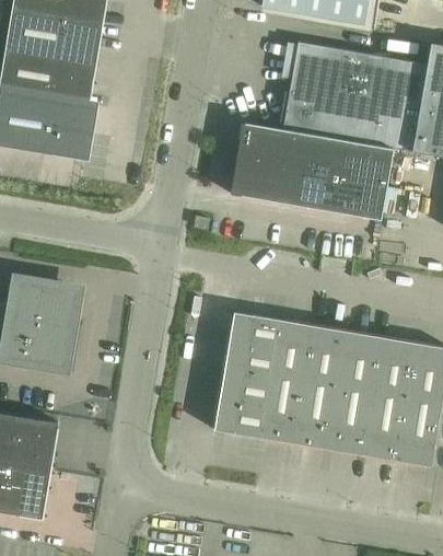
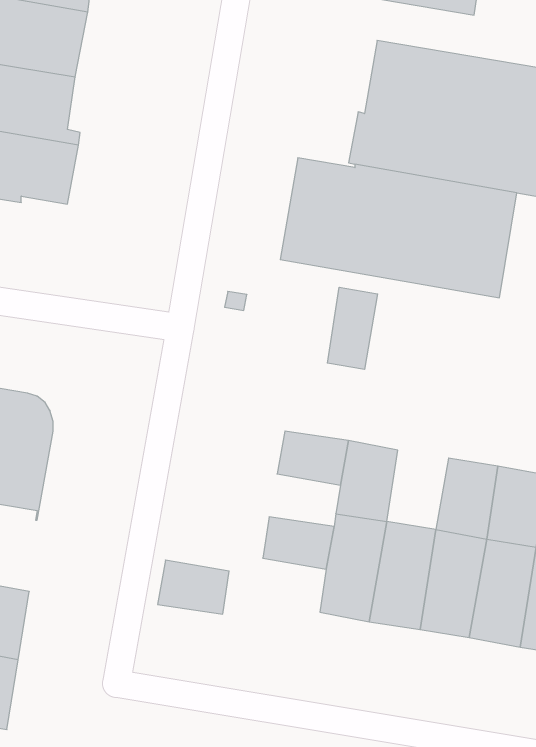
building: none -> [327,287,378,369]
building: [304,325,347,380] -> none
building: [223,341,272,378] -> none
building: [213,399,263,437] -> [158,560,229,614]

